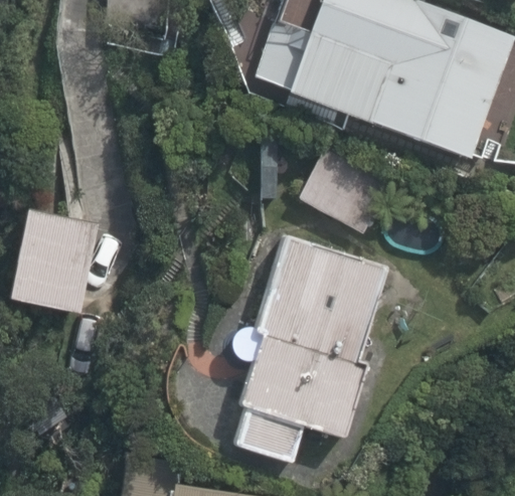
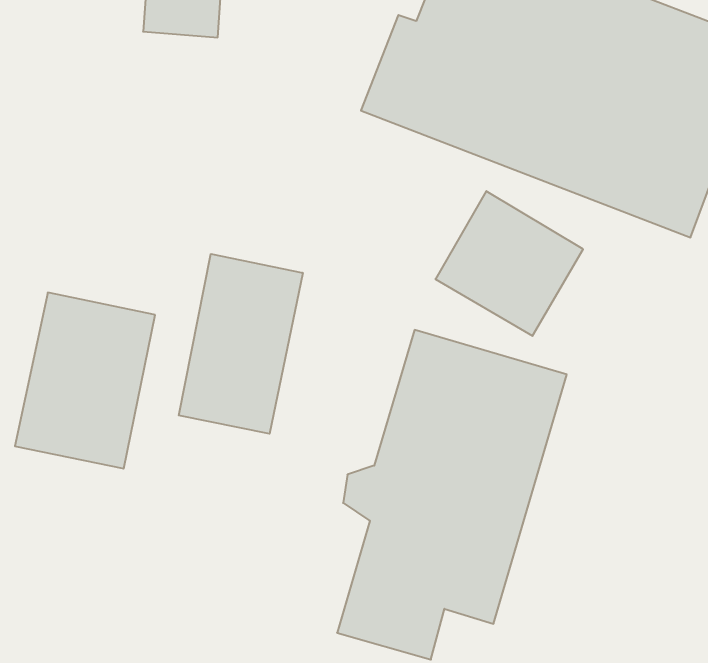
building: none -> [179,254,303,434]

